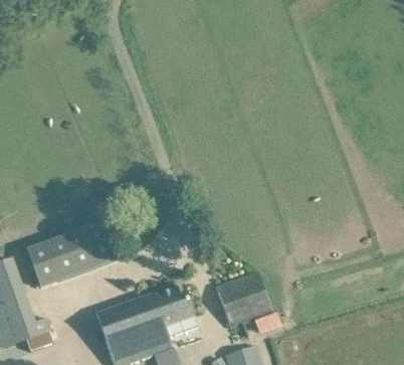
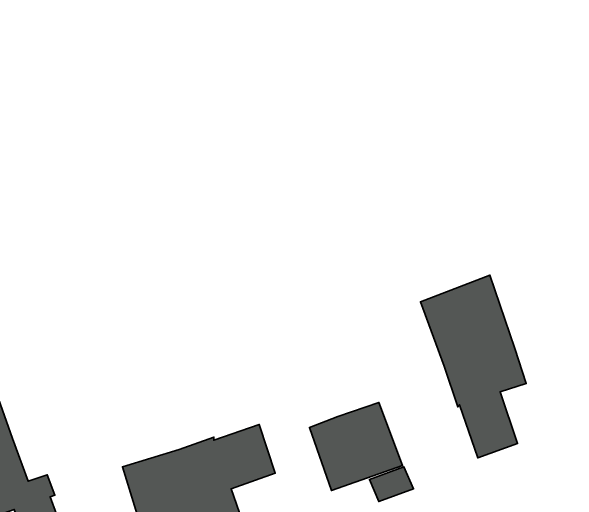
building: none -> [420,275,526,458]
building: [27,221,116,288] -> none

